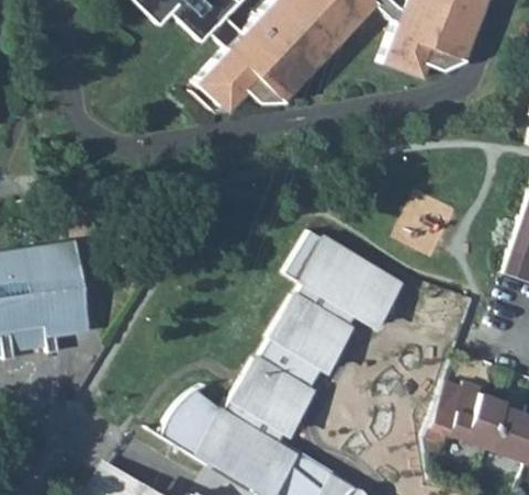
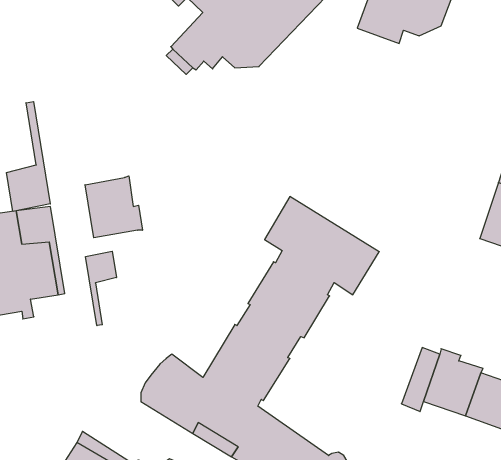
building: none -> [7,102,50,211]
building: none -> [85,176,142,238]
building: none -> [86,251,116,326]

